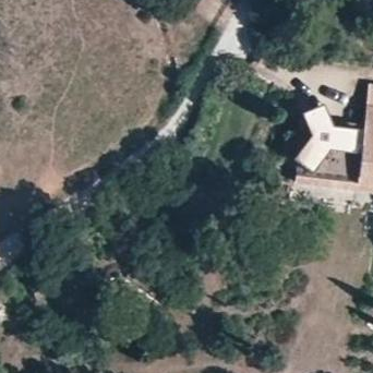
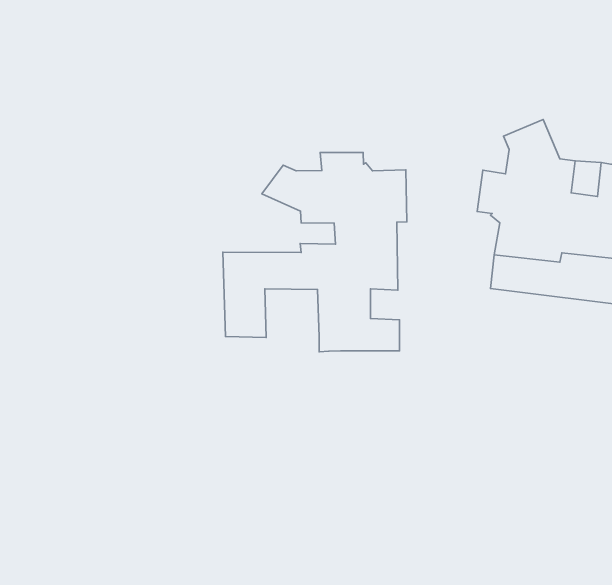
building: none -> [223,152,407,352]

